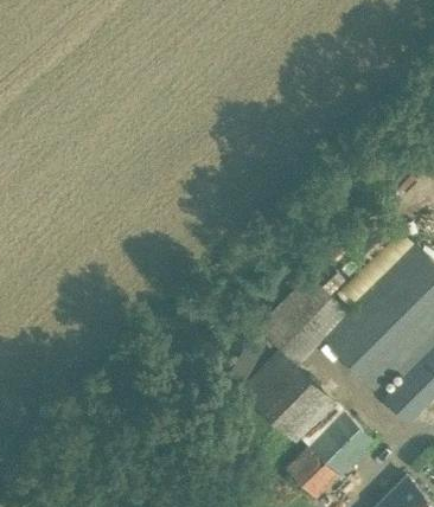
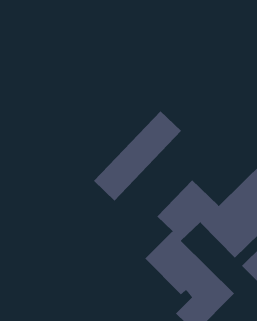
building: none -> [93,110,182,201]

